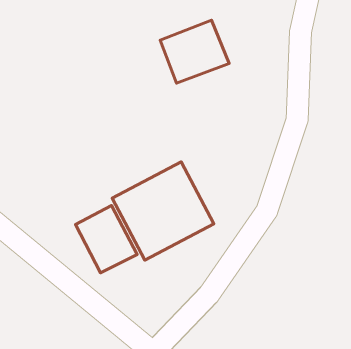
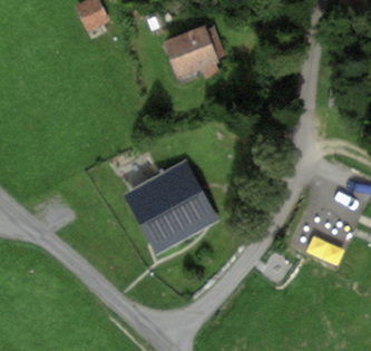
building: [75,206,137,273] -> none

